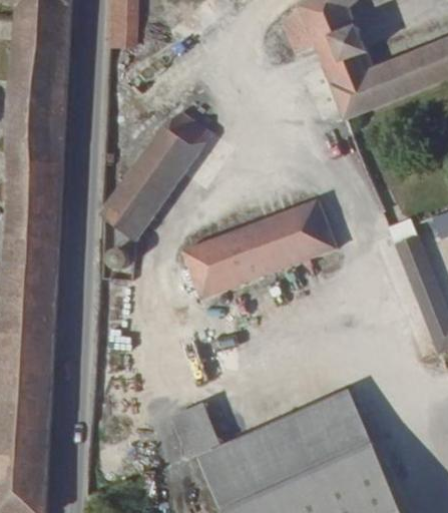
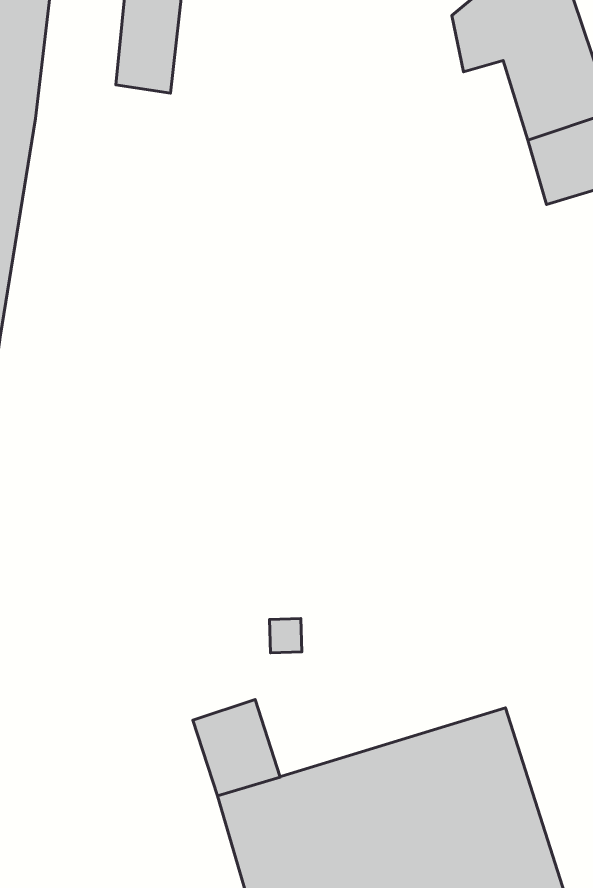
building: [97,108,218,251] -> none
building: [182,199,337,302] -> none

